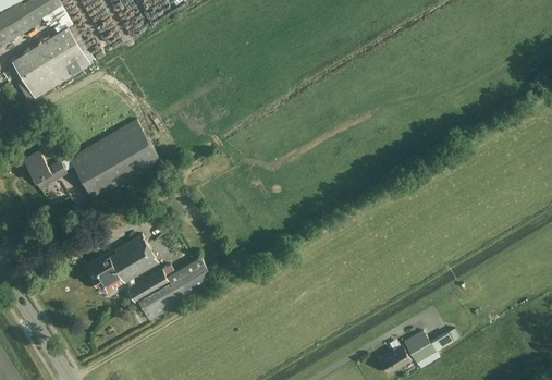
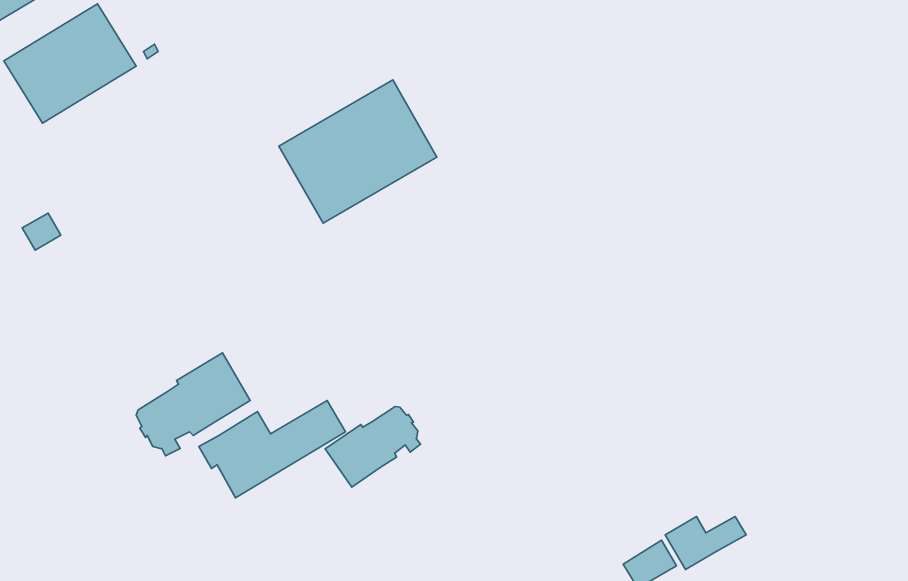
building: [68,119,161,204] -> [279,80,437,223]
building: [29,161,65,189] -> none
building: none -> [325,406,421,487]

